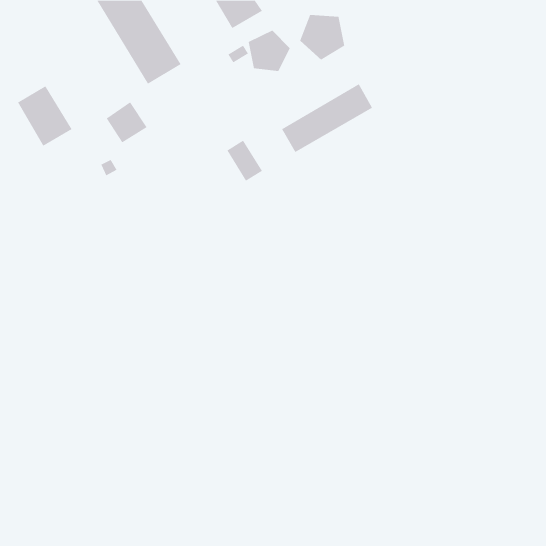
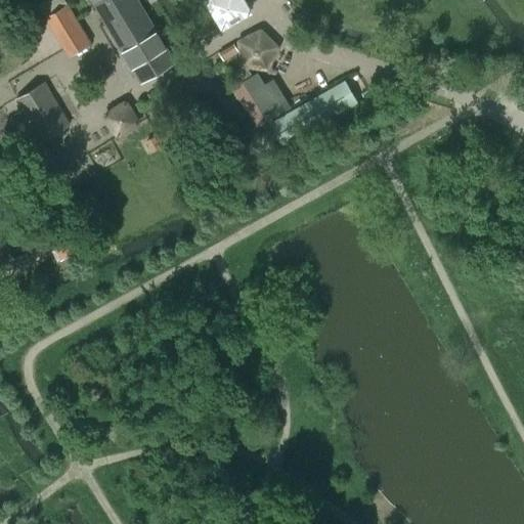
building: none -> [45,4,90,56]
building: [300,14,345,60] -> none
building: [226,140,263,181] -> [243,72,277,112]

